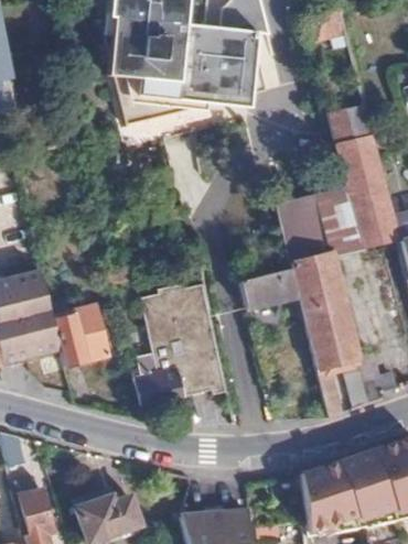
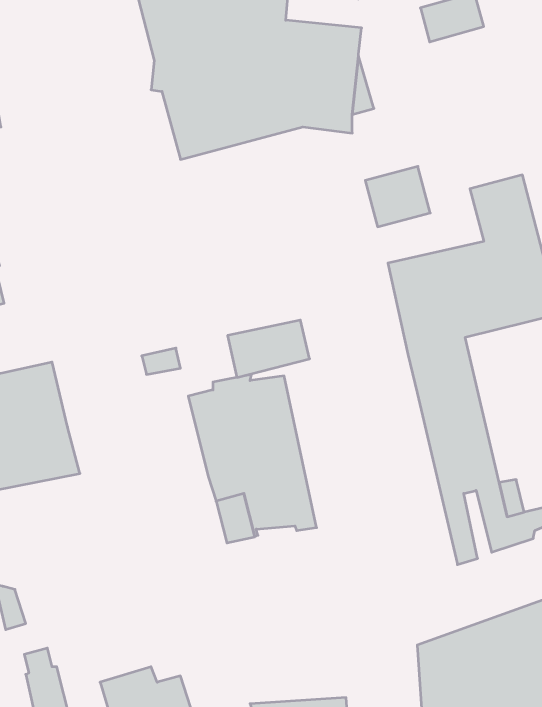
building: [330,107,376,150] -> [365,166,430,227]
building: [243,268,301,308] -> [228,320,310,377]
building: [52,304,107,366] -> none
building: [132,355,165,406] -> none

